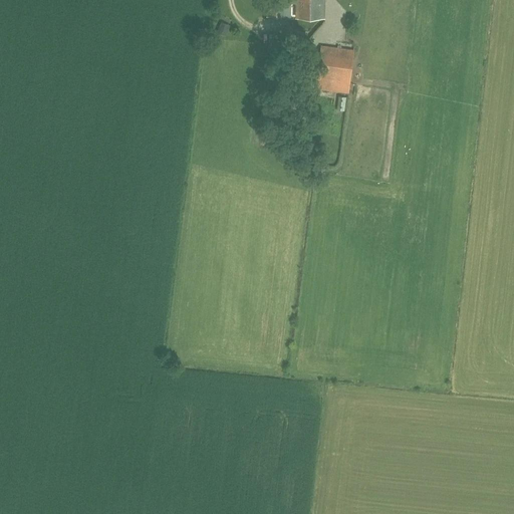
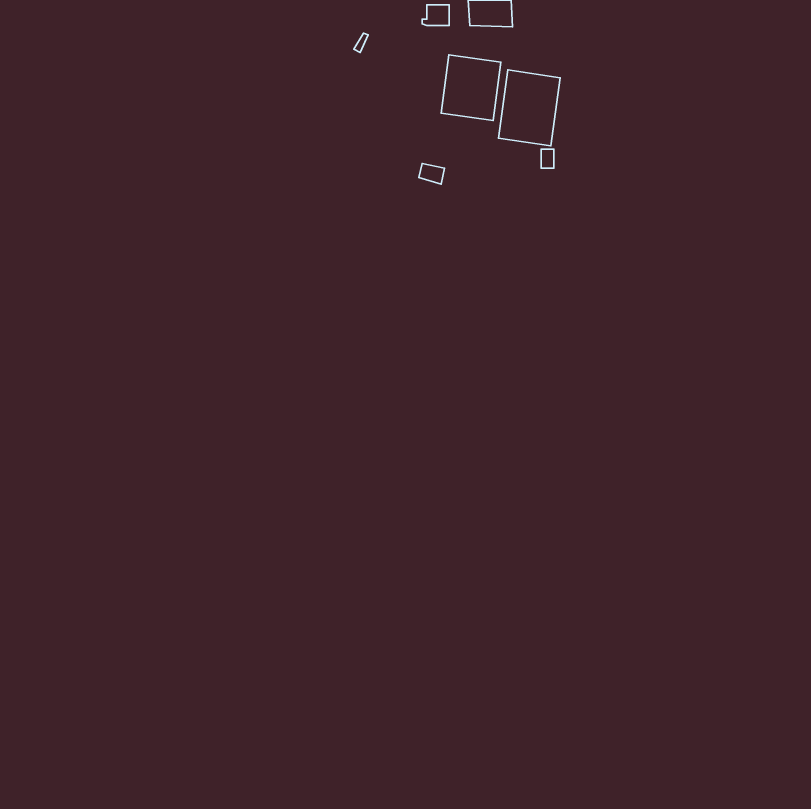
building: none -> [441,55,501,120]

